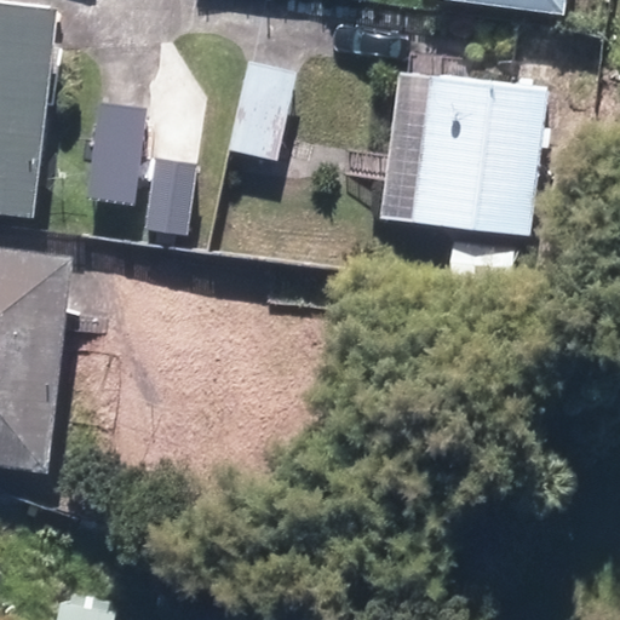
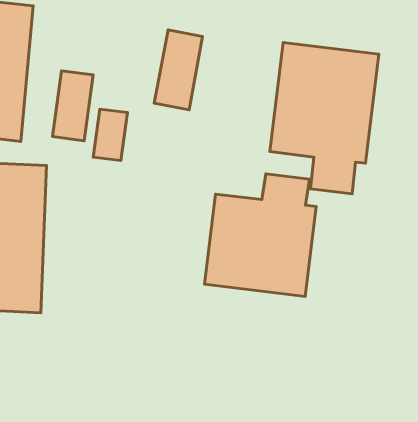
building: none -> [205,174,316,296]

